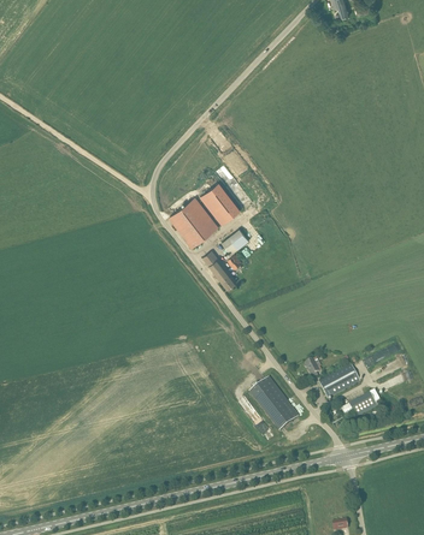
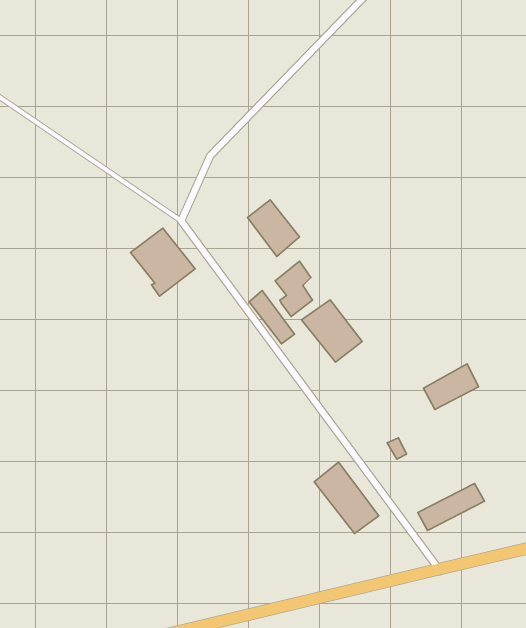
building: [170,198,218,249] -> [130,228,195,296]
building: none -> [302,300,362,362]
building: [319,364,360,398] -> [423,364,479,409]

